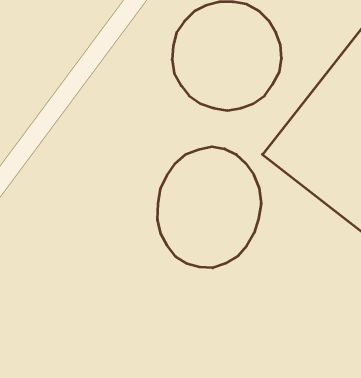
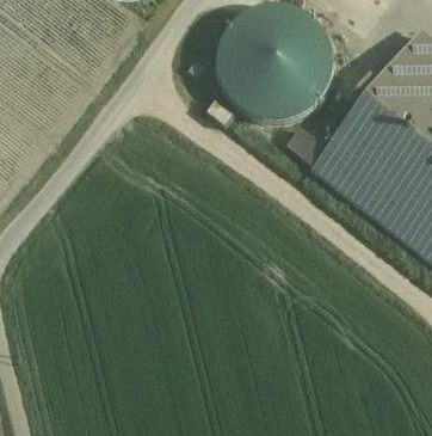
building: [158,147,261,268] -> none

